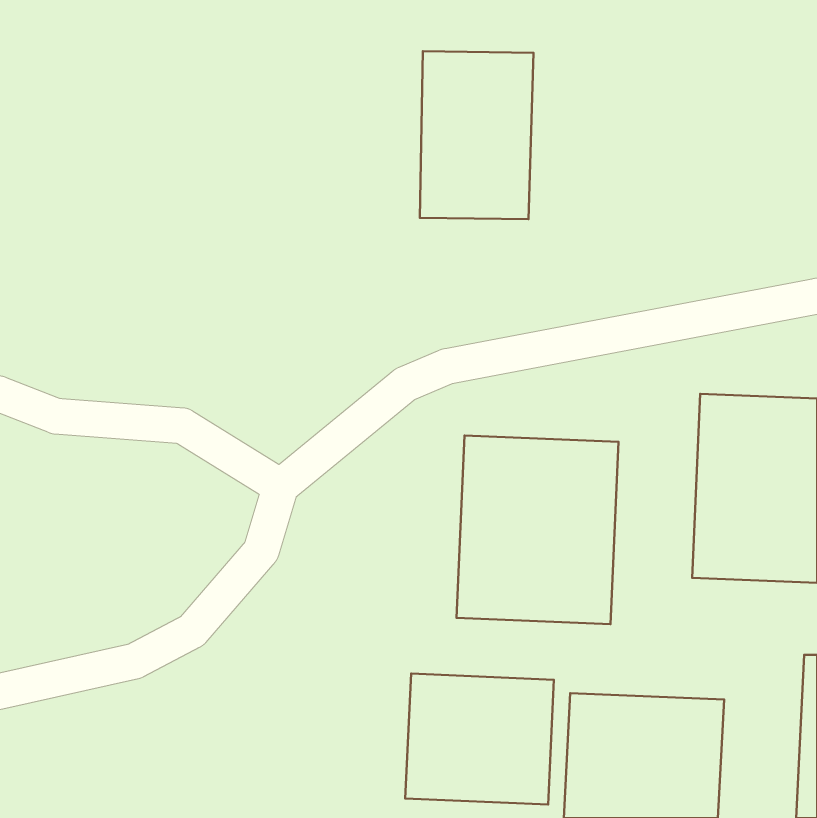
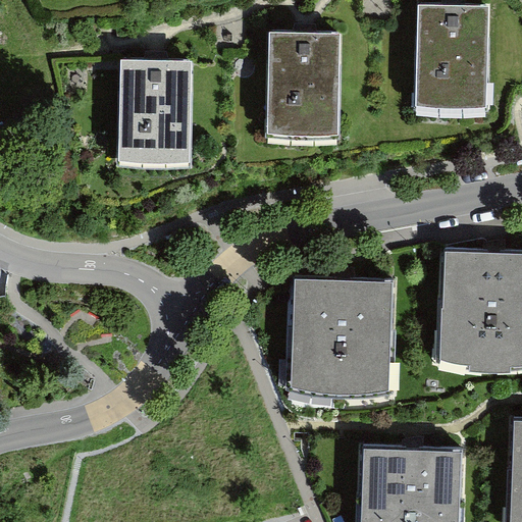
building: none -> [416,5,489,114]
building: none -> [117,59,196,170]
building: [405,674,554,805] -> none

